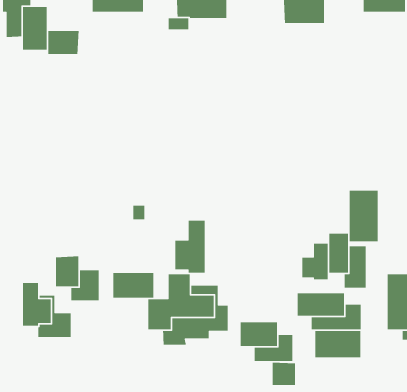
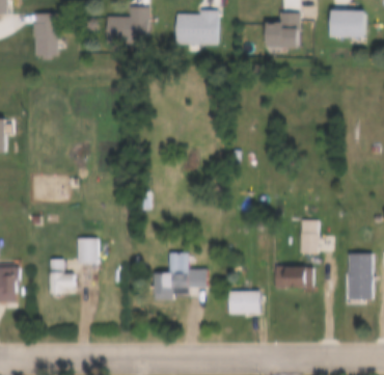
building: [48,30,80,55] -> none
building: [349,190,378,242] -> none
building: [174,220,205,273] -> none
building: [301,243,329,280] -> none
building: [112,272,154,299] -> none
building: [314,330,361,358] -> none
building: [272,362,296,386] -> none

